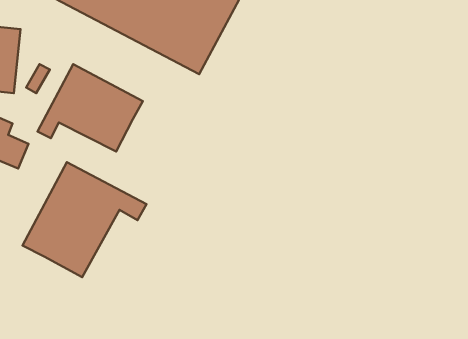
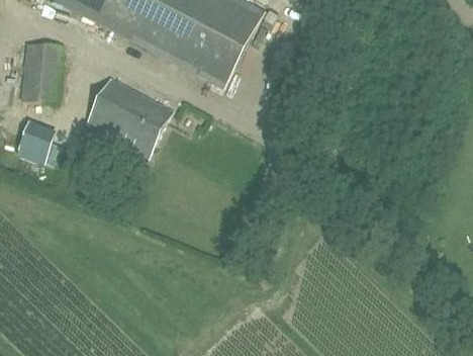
building: [22,162,146,277] -> none

